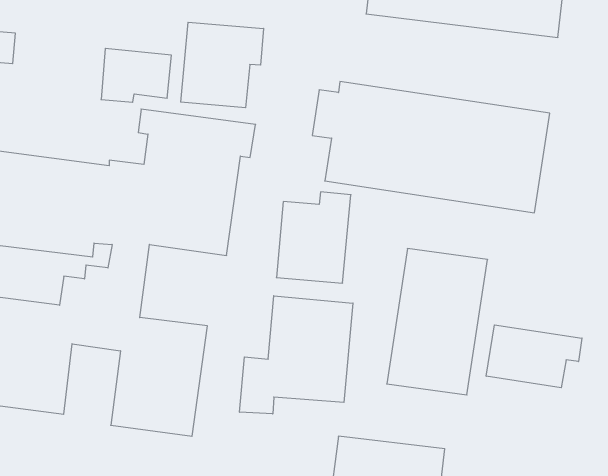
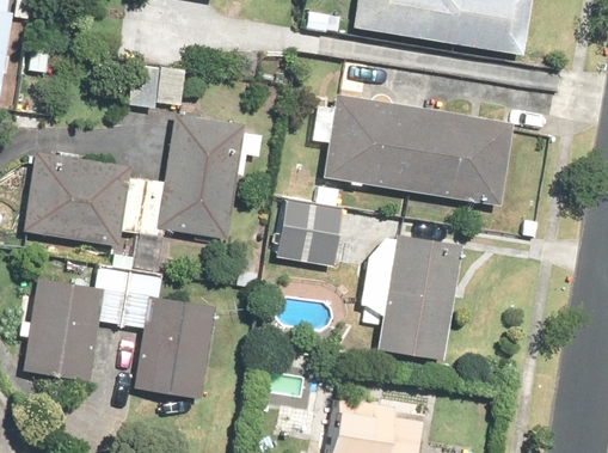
building: [181,22,264,108] -> none
building: [240,296,353,414] -> none
building: [486,325,582,388] -> none

